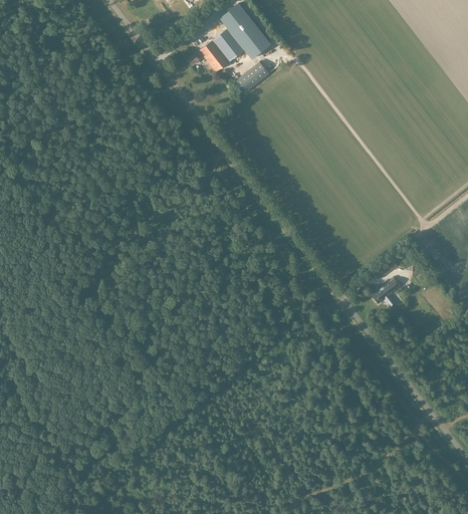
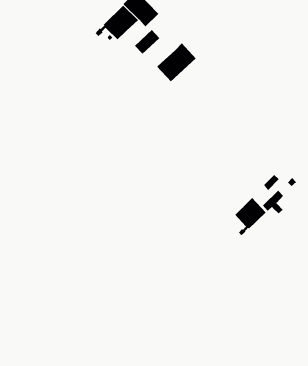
building: none -> [156,43,196,82]
building: none -> [234,197,267,236]

